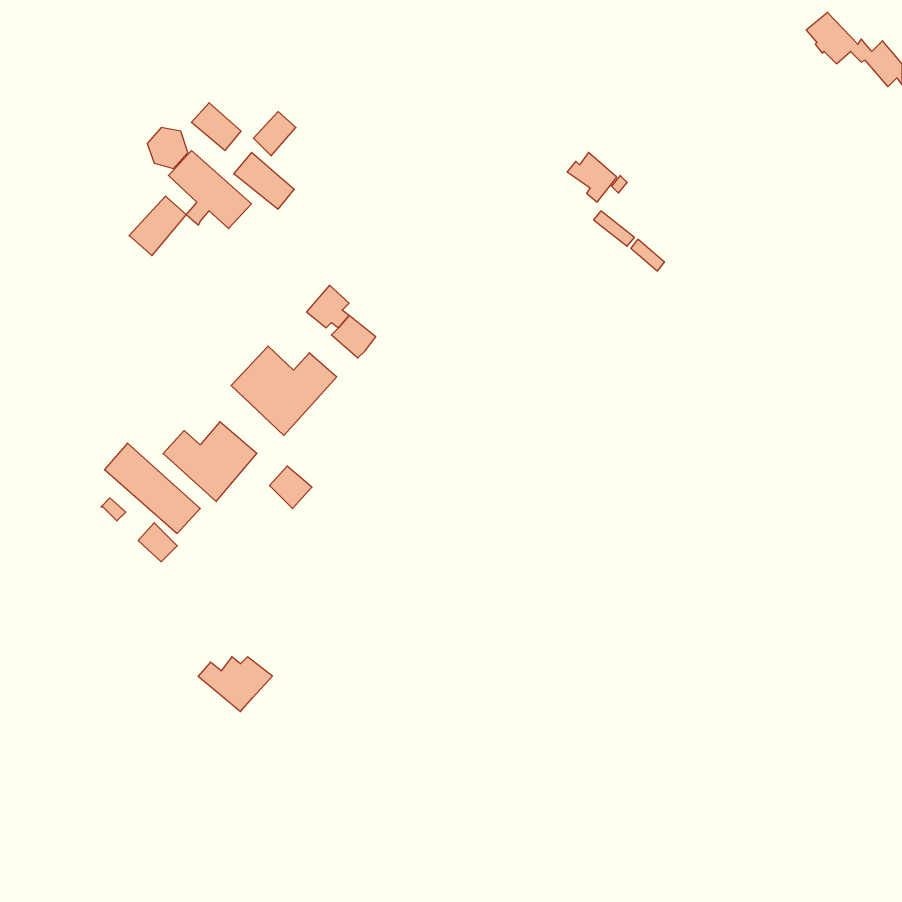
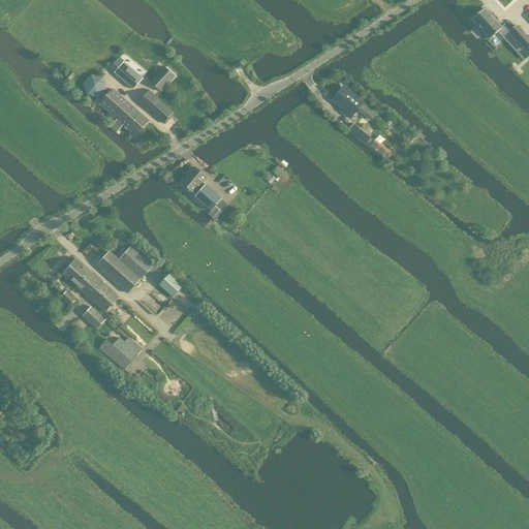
building: [129,196,186,256] -> none
building: [231,346,337,435] -> none
building: [198,657,272,712] -> [97,336,141,368]

